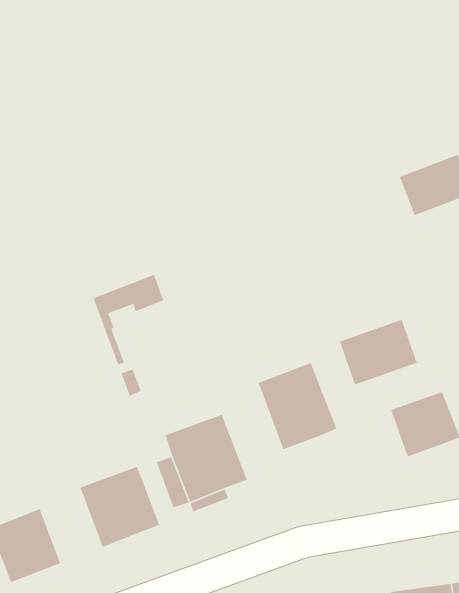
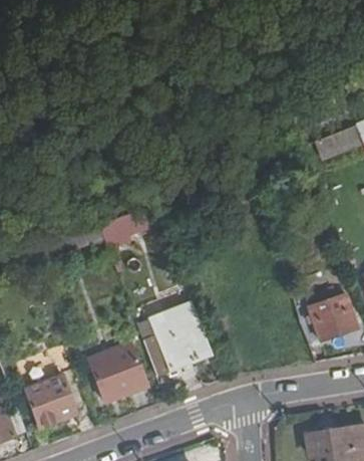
building: [339,319,418,386] -> none
building: [257,362,337,450] -> none

